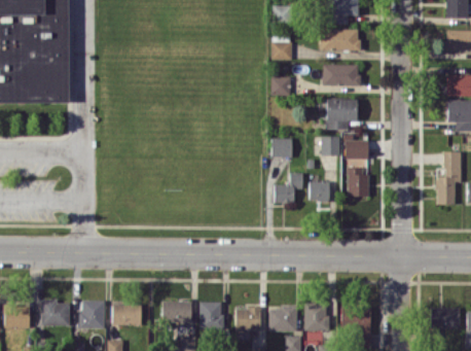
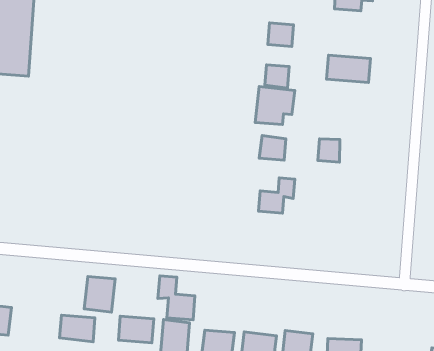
building: [320,29,359,50] -> none
building: [325,99,357,130] -> [255,87,295,125]
building: [345,140,367,160] -> none
building: [348,168,366,197] -> none
building: [309,181,329,202] -> none
building: none -> [158,276,195,320]
building: [80,301,105,329] -> [84,277,115,312]

